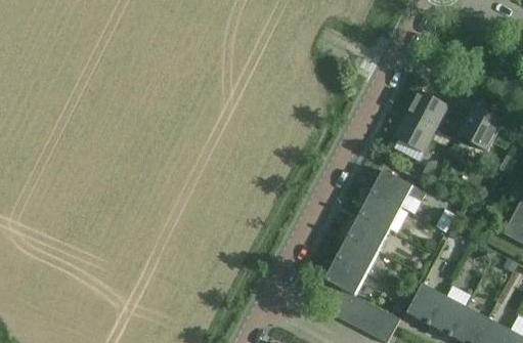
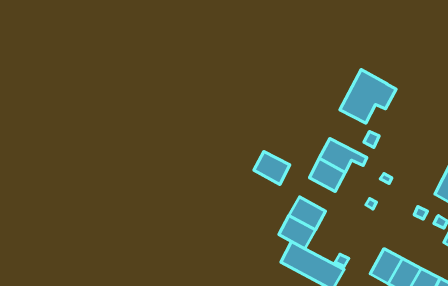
building: [446,105,503,152] -> none
building: [348,214,389,252] -> [254,151,290,185]
building: [407,283,444,324] -> none

